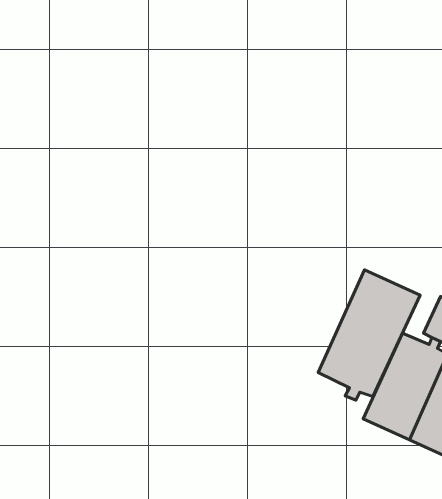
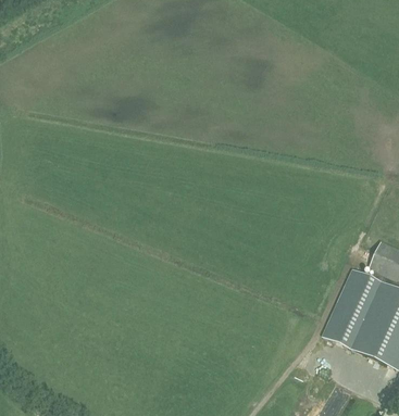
building: [318,270,420,400] -> none

